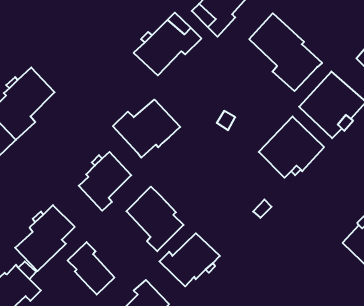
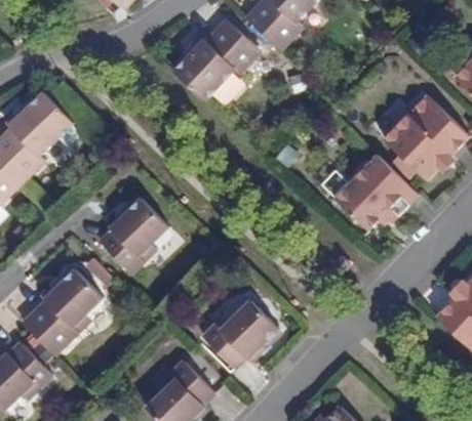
building: [249,13,322,91] -> none
building: [113,100,180,158] -> none
building: [126,187,184,251] -> none
building: [68,242,114,295] -> none

